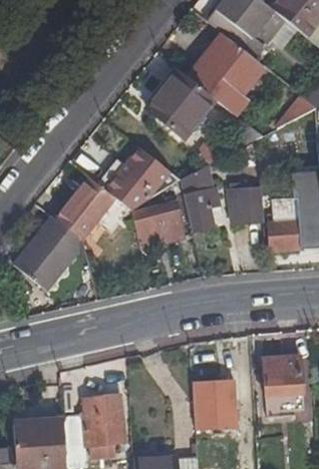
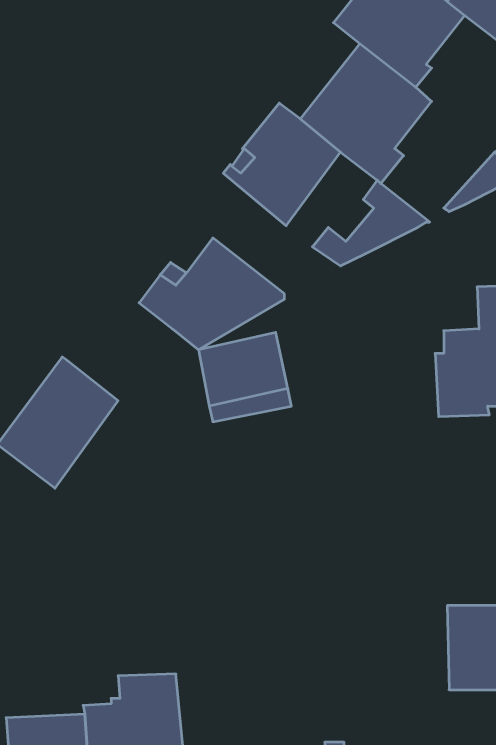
building: [179,164,219,224] -> none
building: [54,177,114,240] -> none
building: [226,184,261,225] -> none
building: [200,379,250,428] -> none

